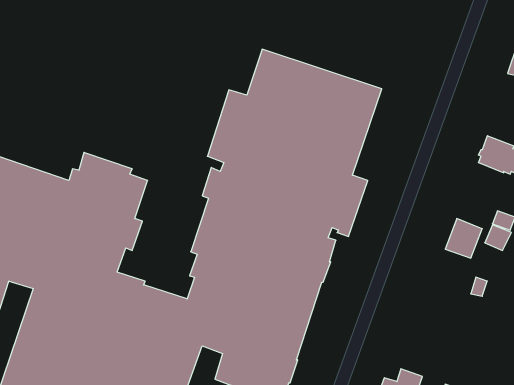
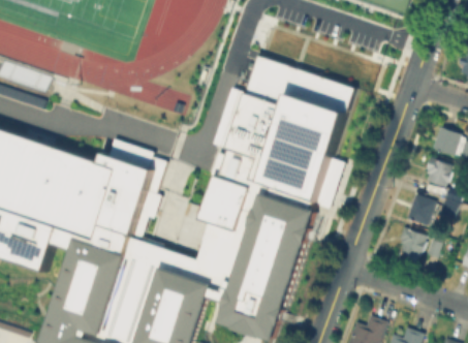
building: none -> [426,157,450,186]
building: none -> [400,227,426,256]

